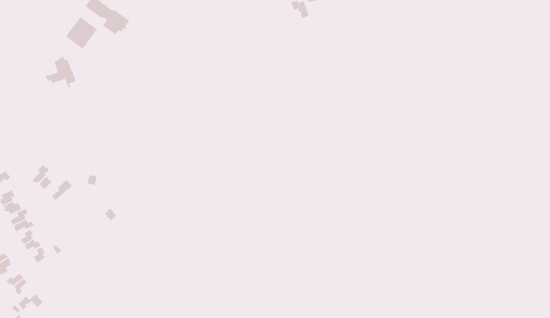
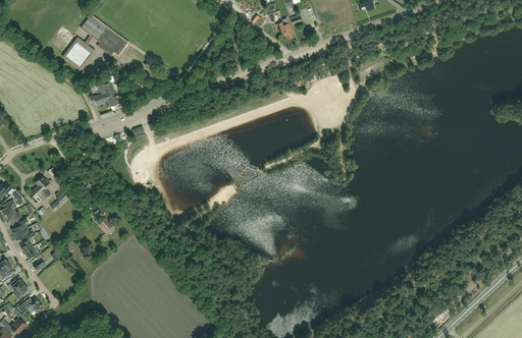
building: [45,56,76,88] -> [90,78,119,109]

